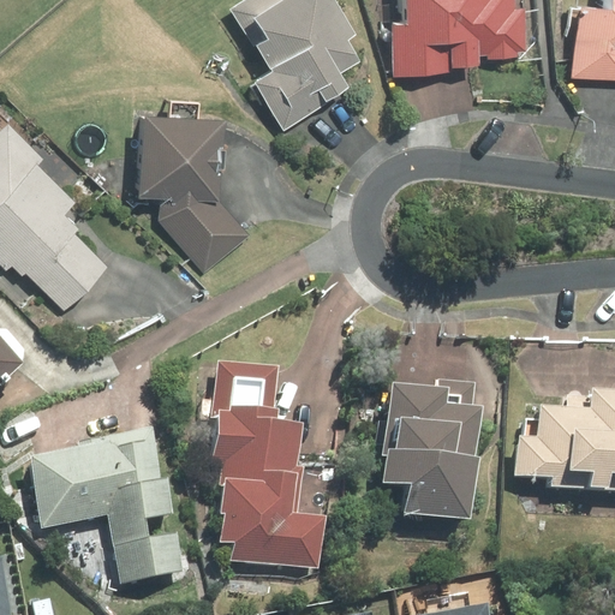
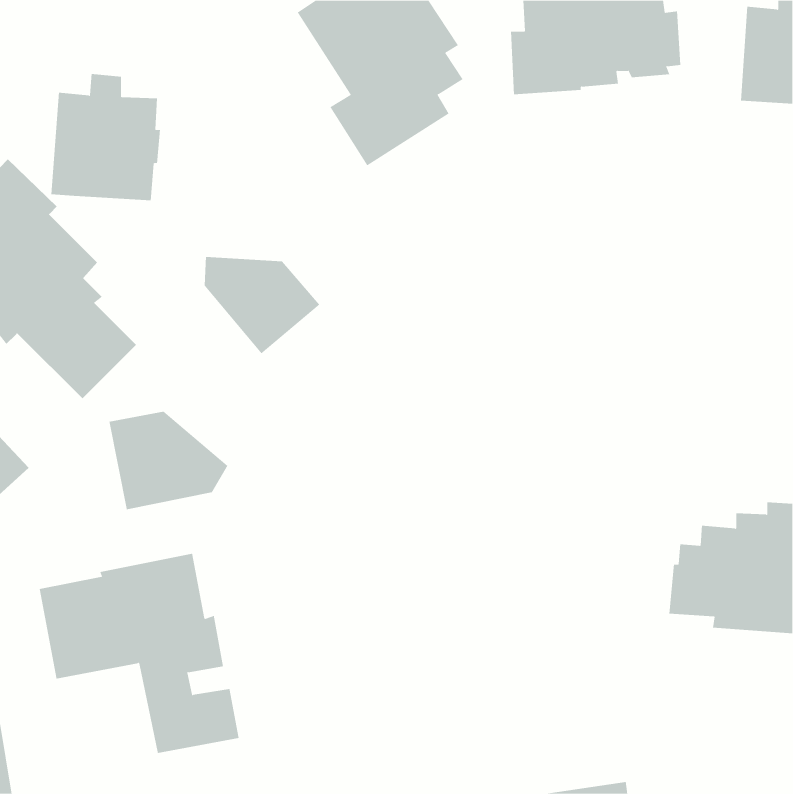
building: [141,103,226,202] -> [50,73,161,201]
building: none -> [109,411,228,510]
building: [209,358,324,569] -> none
building: [380,380,479,519] -> none

